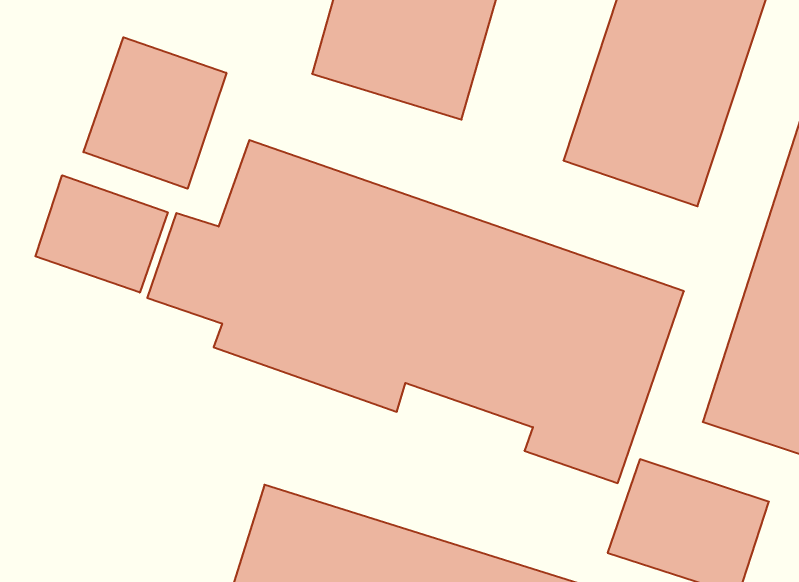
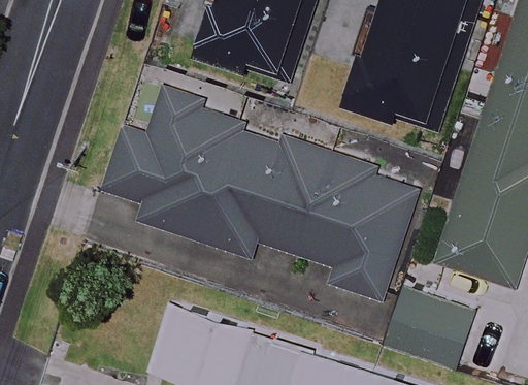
building: [83,37,226,189] -> none
building: [35,175,168,293] -> none

